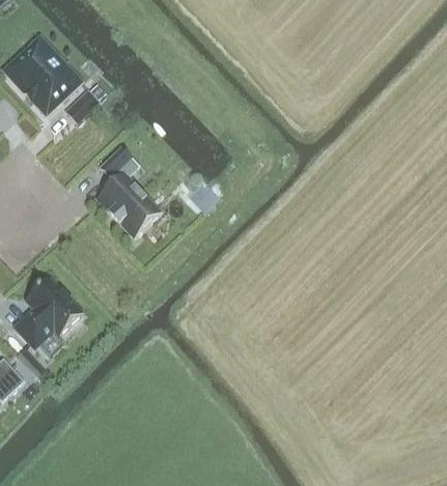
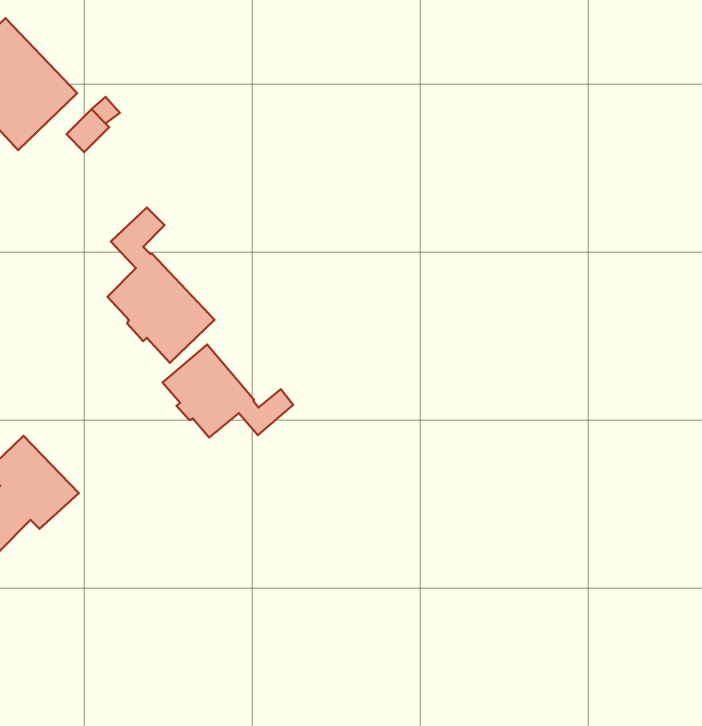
building: none -> [163,344,293,438]

